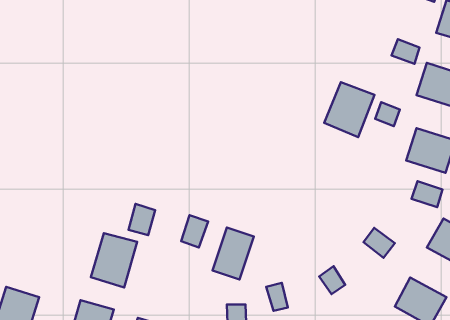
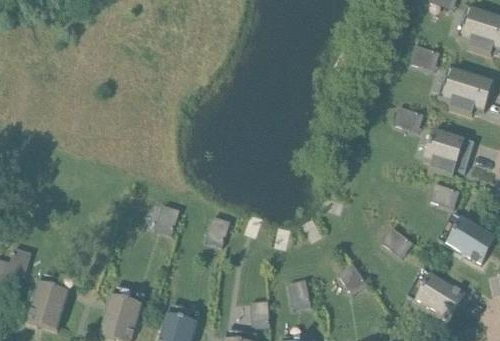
building: [324,82,375,137] -> none
building: [213,228,254,279] -> none
building: [91,233,137,287] -> none

